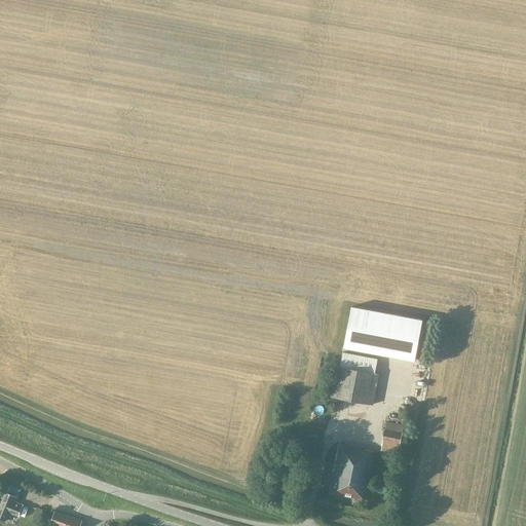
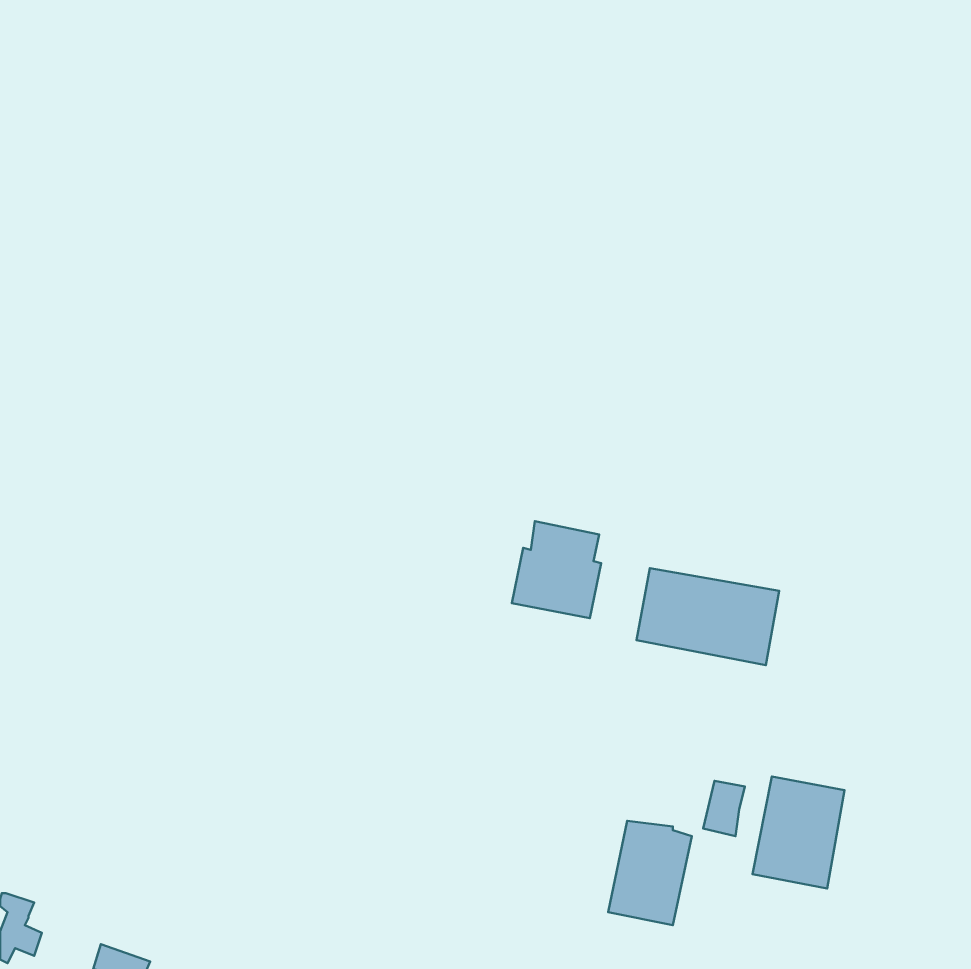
building: [330,352,378,405] -> [512,521,601,618]
building: none -> [753,776,844,888]

